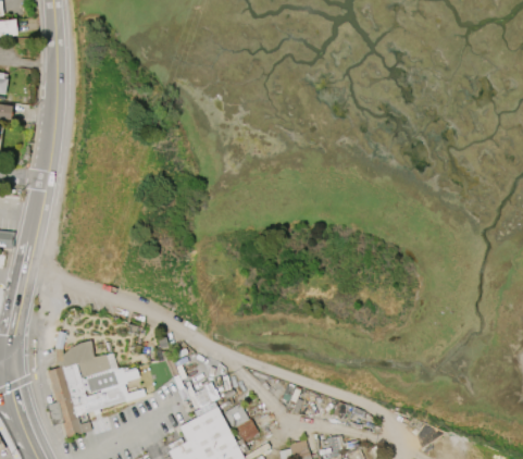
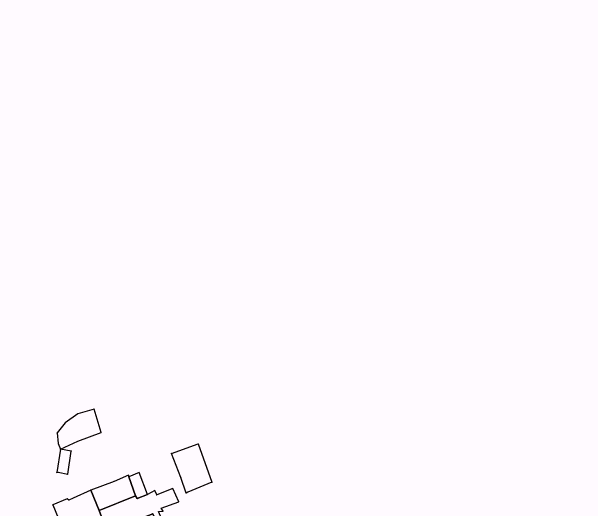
building: none -> [171,444,212,493]
building: [61,340,92,367] -> [57,409,101,449]

